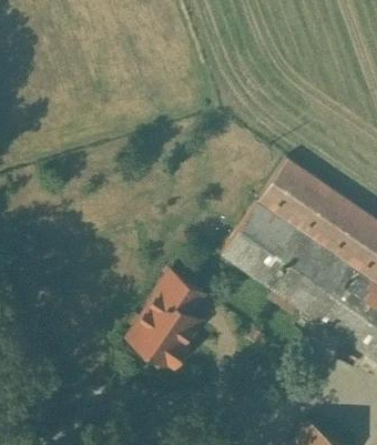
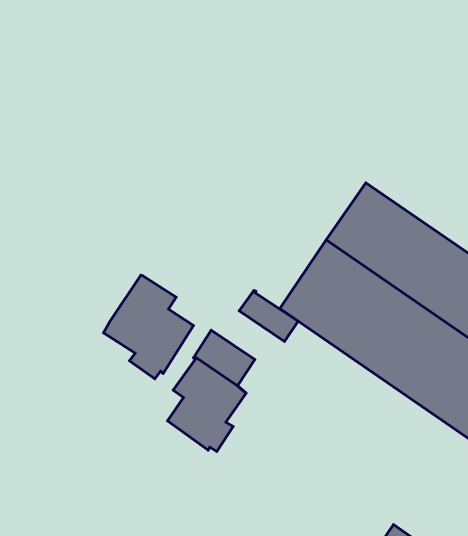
building: none -> [104,275,193,379]
building: none -> [239,290,298,341]

